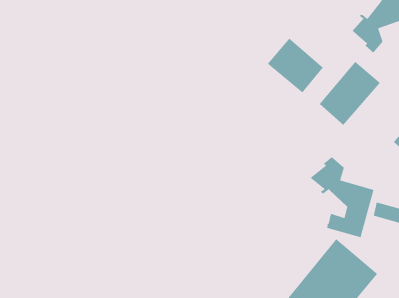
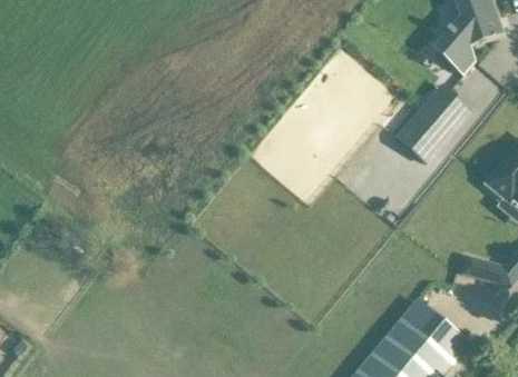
building: [267,38,324,94] -> none
building: [310,156,375,238] -> none

